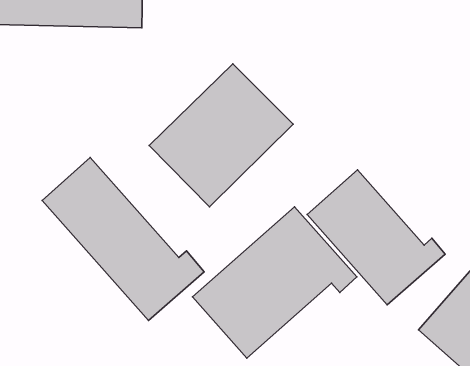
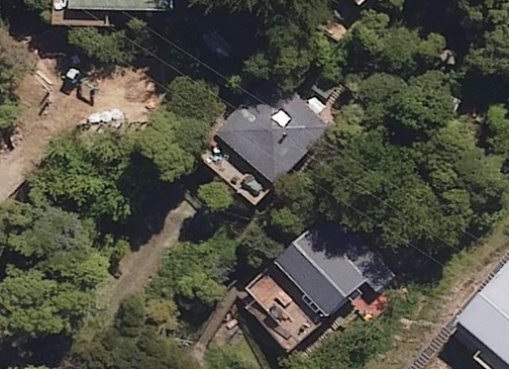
building: [42,157,204,320] -> none
building: [307,170,445,305] -> none

